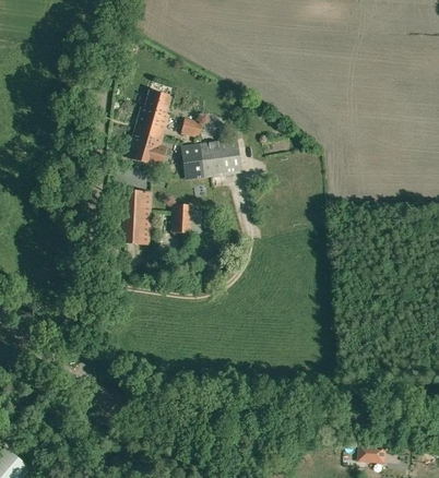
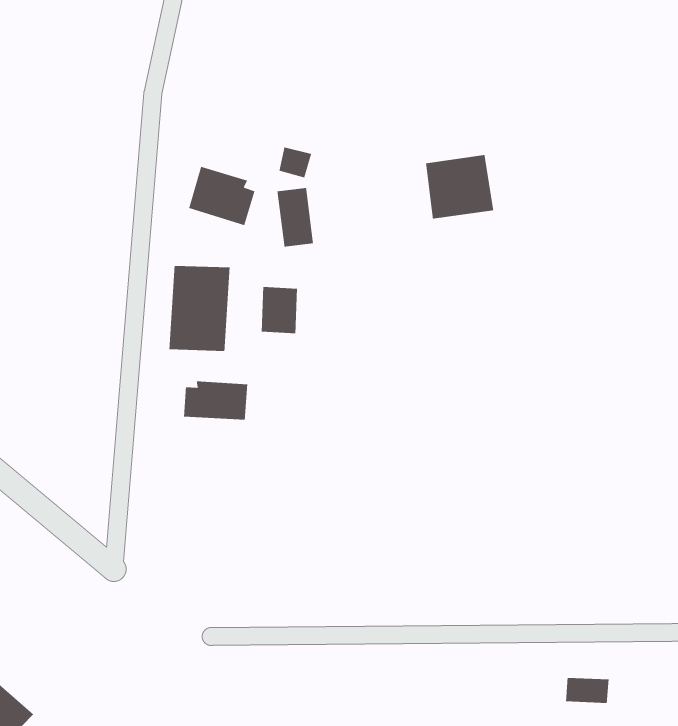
building: [133,88,171,138] -> none
building: [199,136,241,177] -> [425,154,494,220]
building: none -> [183,381,248,421]

